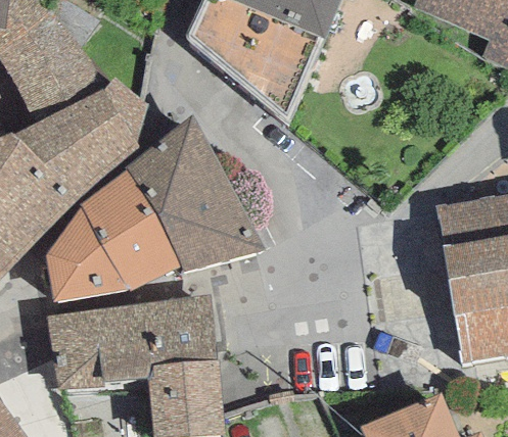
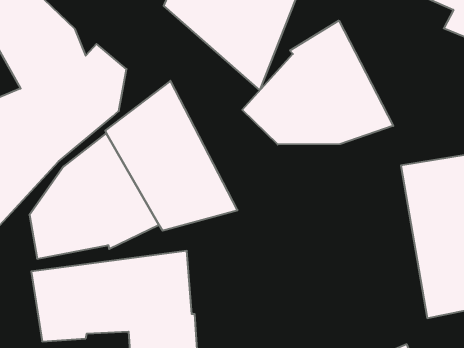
building: none -> [242,21,393,145]

